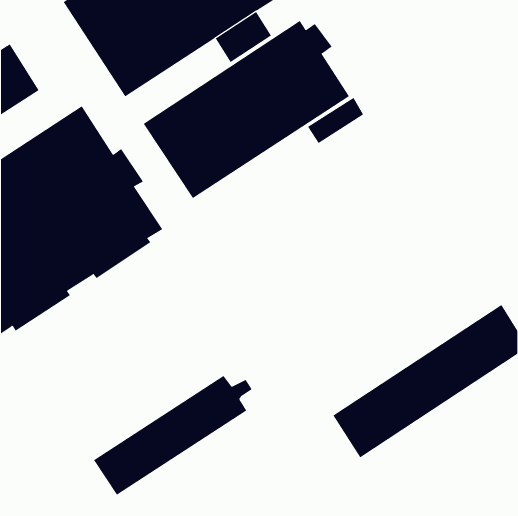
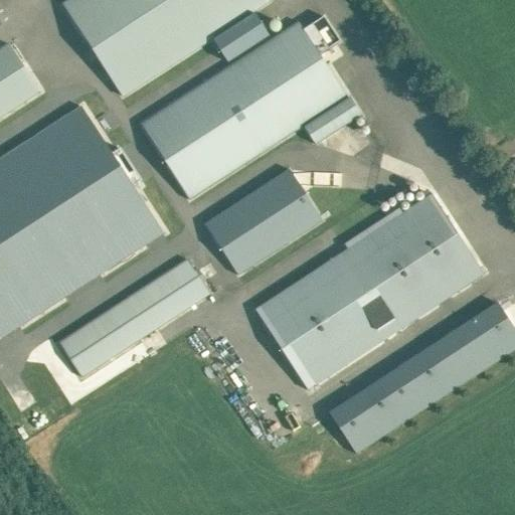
building: none -> [206,168,323,275]
building: none -> [256,194,484,388]
building: [93,375,252,496] -> [58,258,216,377]

